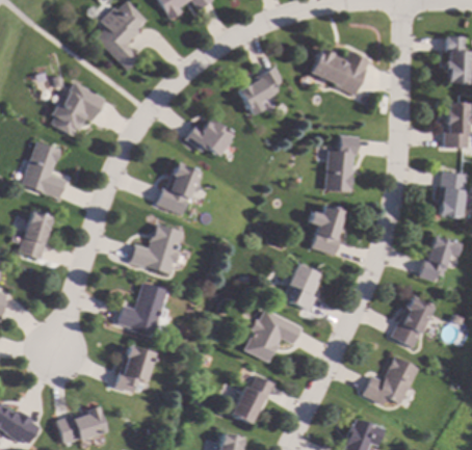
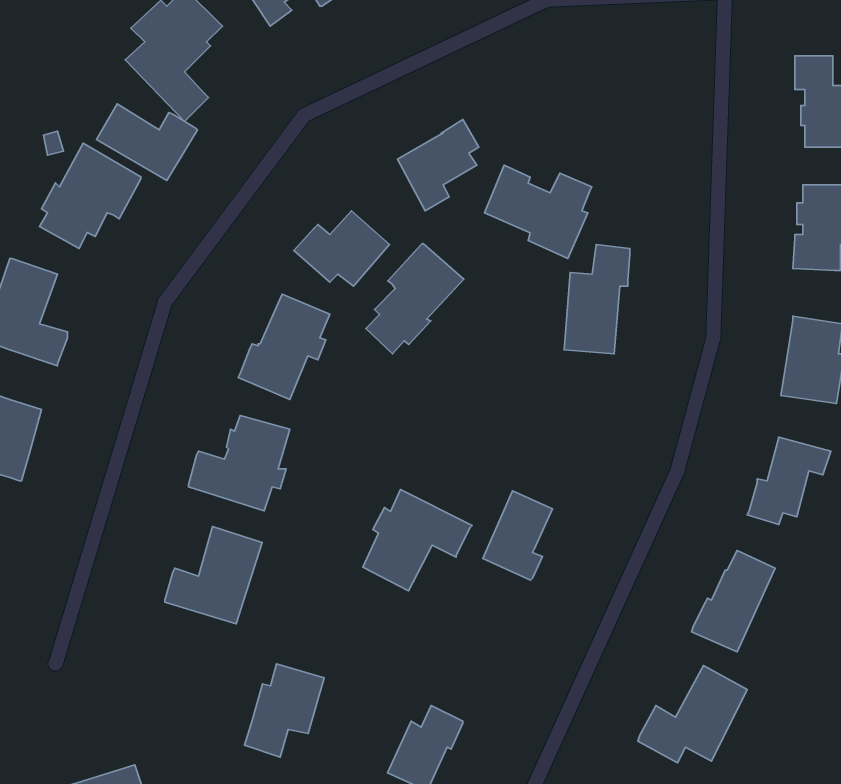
building: [312,48,368,97] -> [484,165,592,258]
building: none -> [97,104,198,181]
building: none -> [366,243,464,354]
building: [310,205,346,257] -> none
building: [244,310,301,363] -> [363,490,472,591]
building: [114,344,156,393] -> [245,664,324,757]

